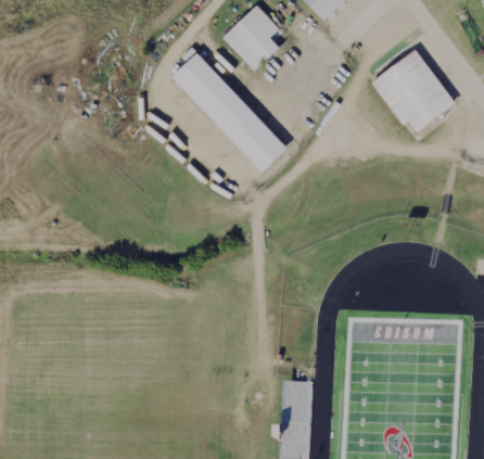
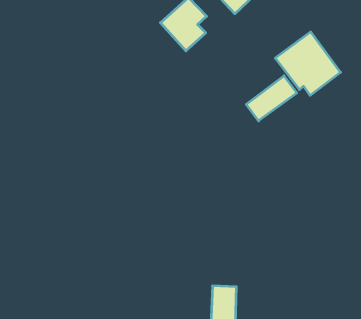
building: [175,53,290,174] -> none
building: none -> [246,76,297,121]

